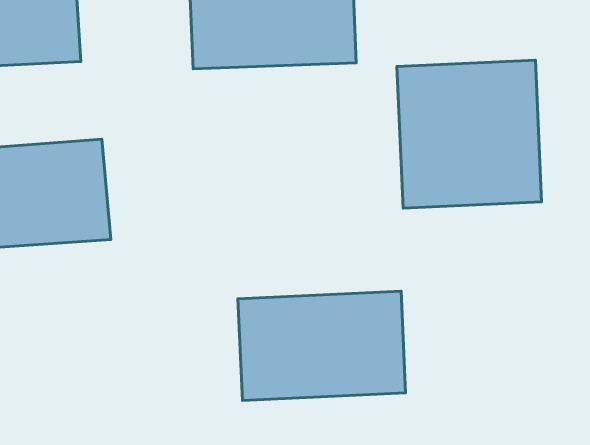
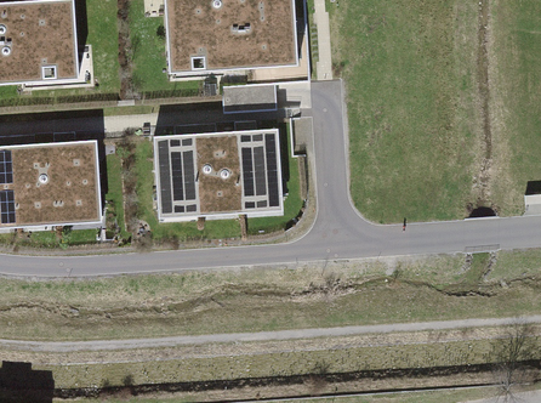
building: [397,60,541,208] -> none
building: [238,291,406,400] -> [152,127,287,216]

